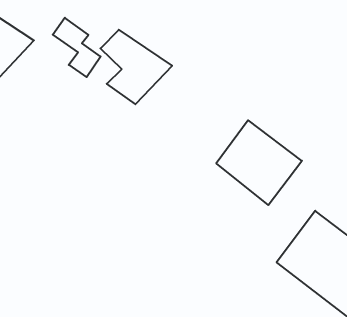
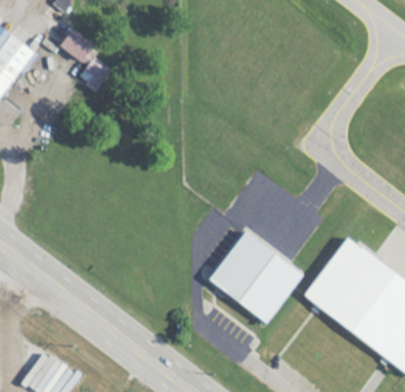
building: [100,30,172,104] -> none
building: [216,120,302,205] -> [208,231,301,323]

